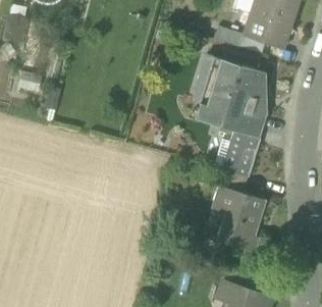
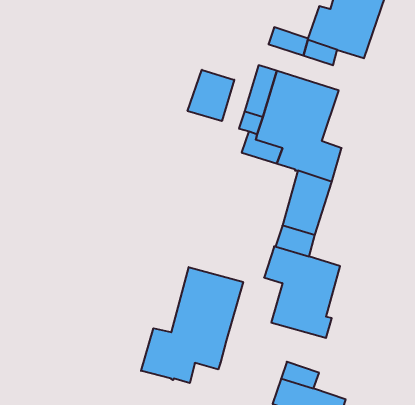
building: none -> [188,70,234,121]
building: none -> [141,267,243,383]

